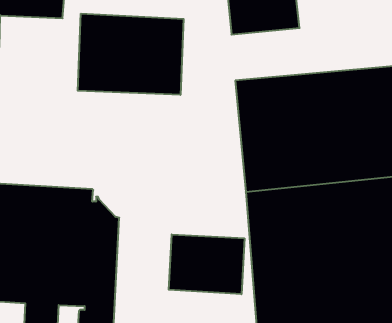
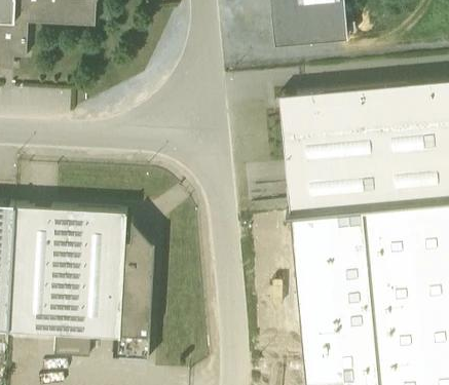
building: [78,14,184,95] -> none
building: [169,234,244,294] -> none

